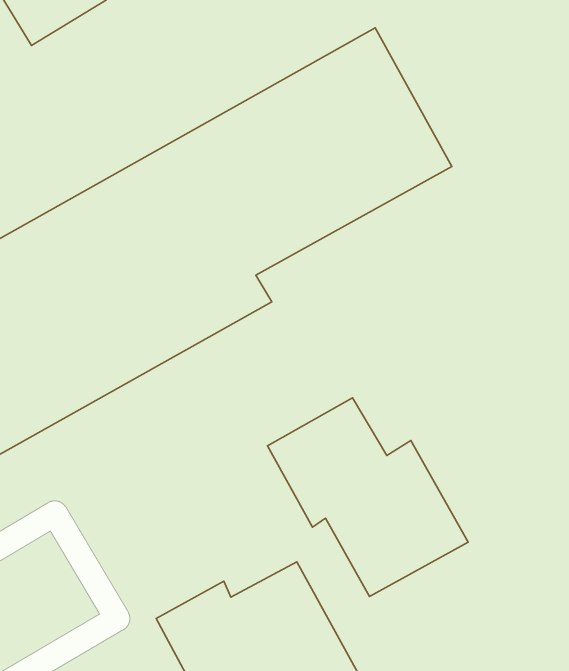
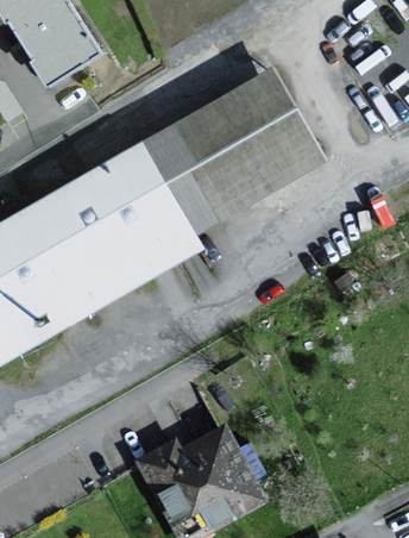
building: [268,398,468,597] -> none

